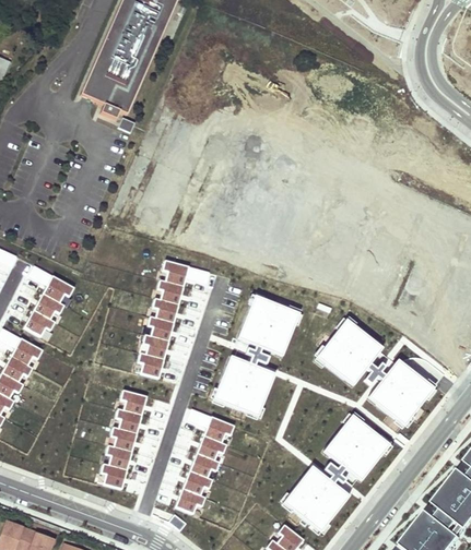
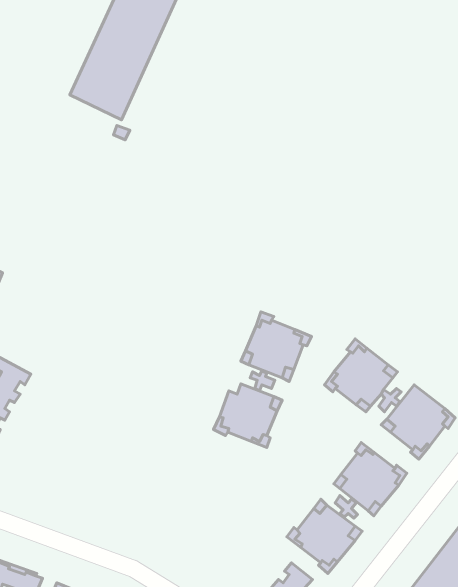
building: [138,261,209,379] -> none
building: [24,265,74,337] -> none
building: [101,391,146,489] -> none
building: [176,409,235,514] -> none

